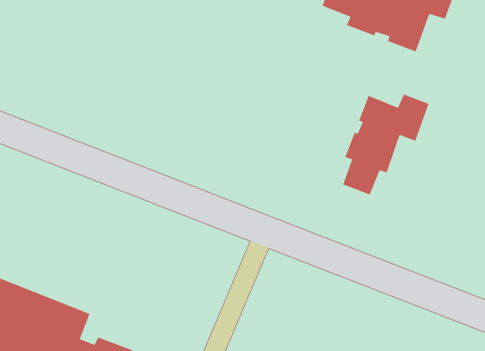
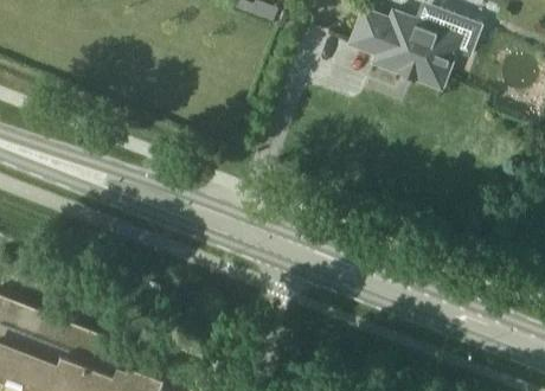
building: [342,93,430,196] -> none

